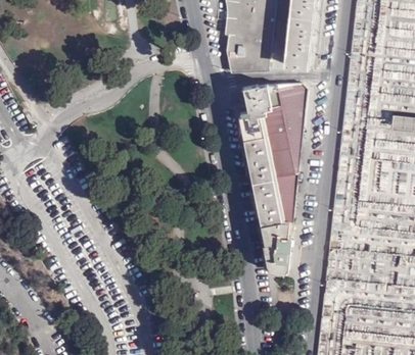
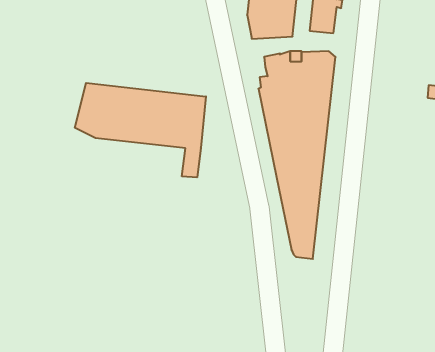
building: none -> [75,83,206,177]

